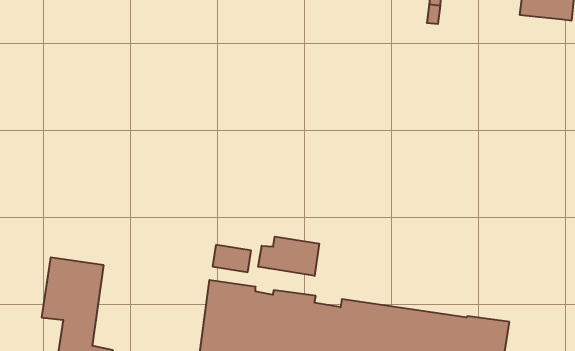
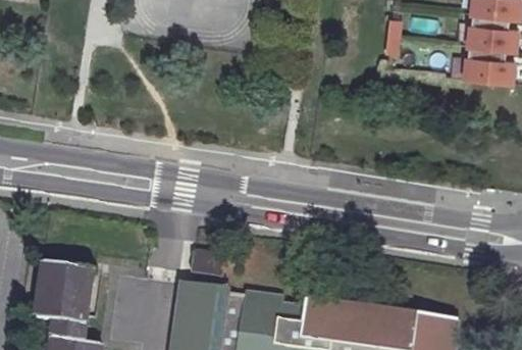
building: none -> [465,46,513,84]
building: [258,237,319,276] -> none

